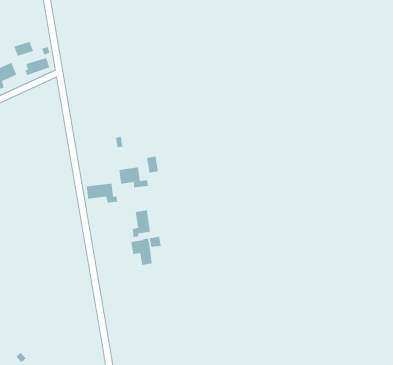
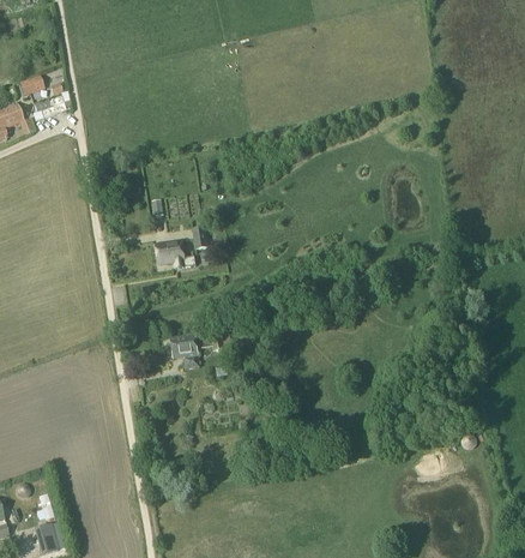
building: [86,183,118,203] -> none
building: [132,210,150,238] -> none

